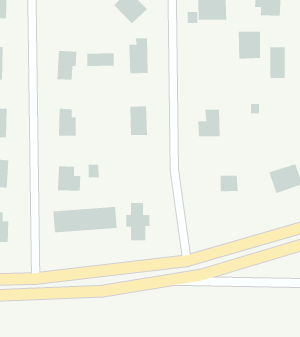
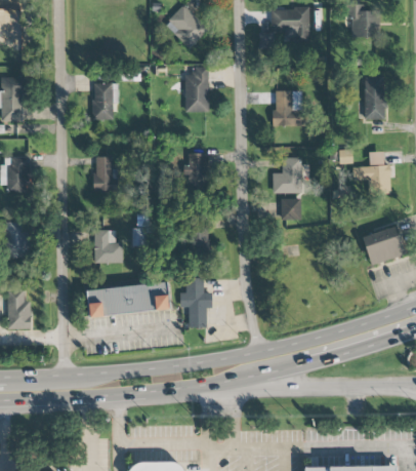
building: [238,31,261,59] -> [273,90,302,126]
building: [87,52,114,67] -> none
building: none -> [352,151,390,194]
building: [220,175,238,192] -> [278,198,301,220]

